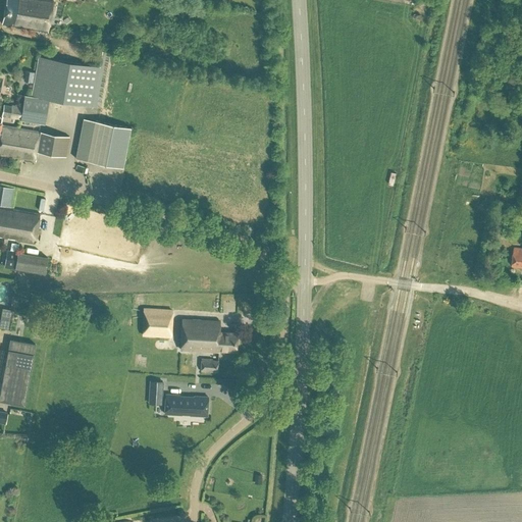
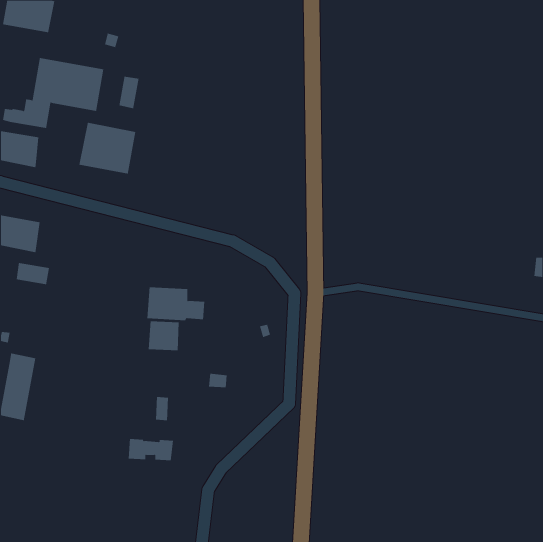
building: none -> [119,76,139,109]
building: [36,133,69,157] -> none
building: [180,319,237,352] -> [147,287,205,321]
building: [164,395,208,416] -> [128,438,174,461]

